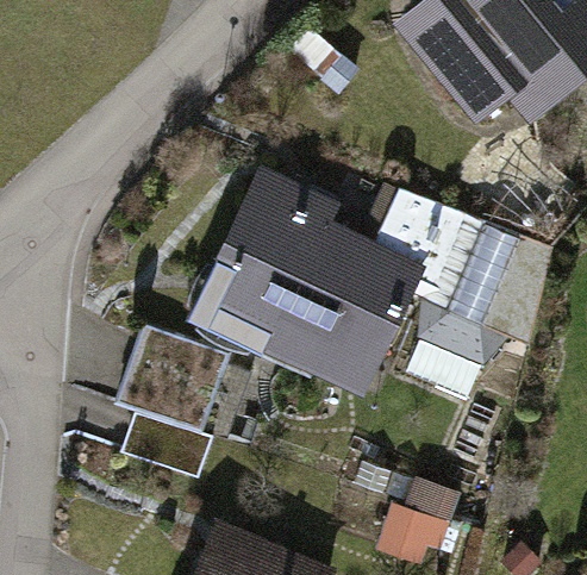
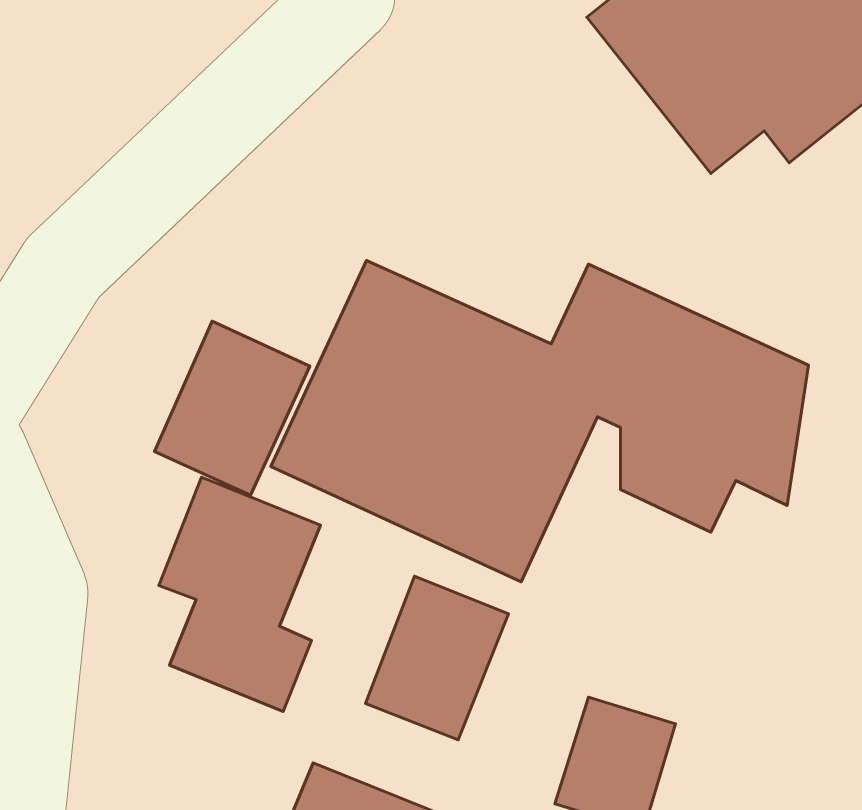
building: none -> [155,321,310,495]
building: none -> [366,576,508,740]

